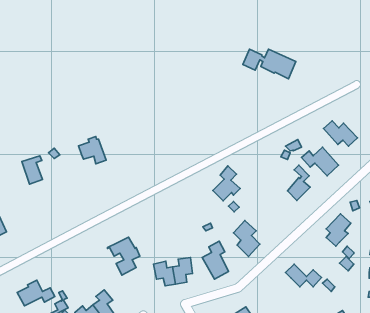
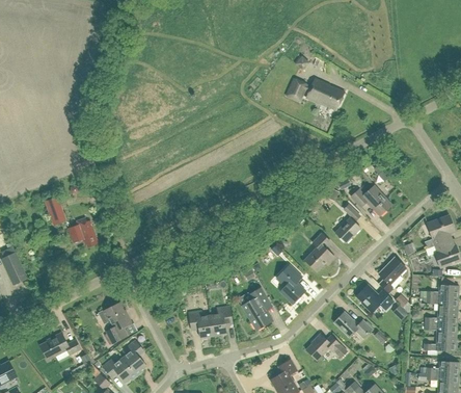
building: [324,121,358,146] -> none
building: [79,136,106,164] -> [69,217,99,247]
building: [213,166,240,201] -> [304,233,334,271]
building: [108,237,140,275] -> [97,302,132,343]
building: none -> [355,285,394,314]
building: none -> [305,334,348,361]

